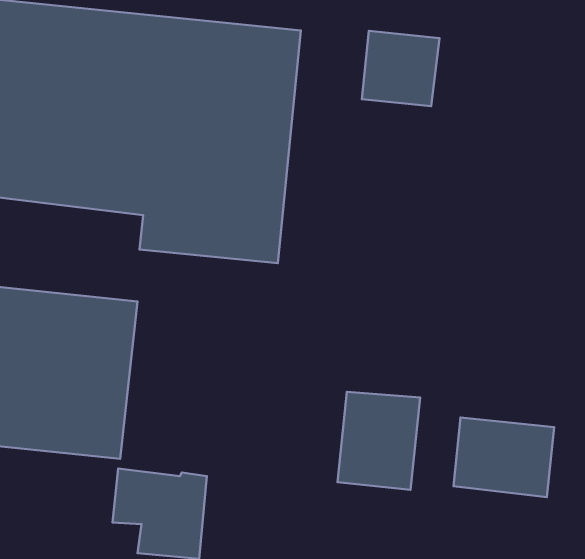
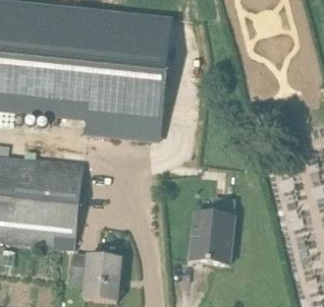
building: [362,31,439,106] -> none
building: [454,417,554,497] -> none

